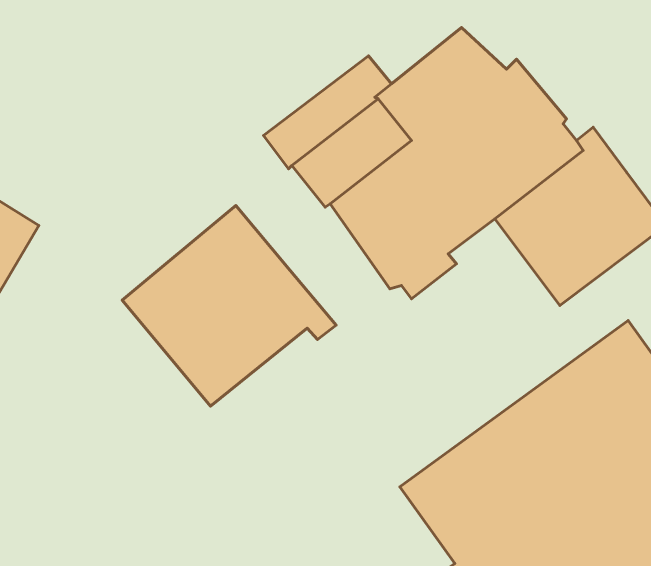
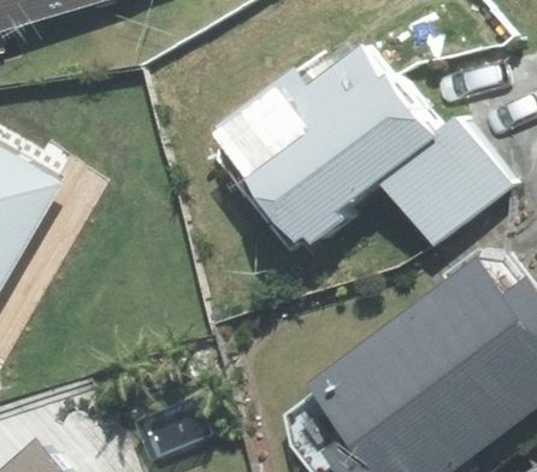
building: [122,205,336,406] -> none

